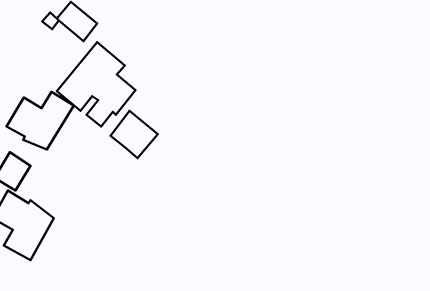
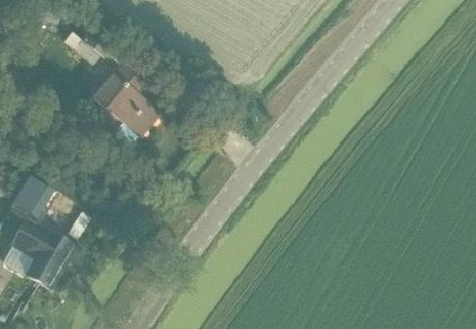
building: [6,92,74,150] -> none
building: [111,111,158,158] -> none

